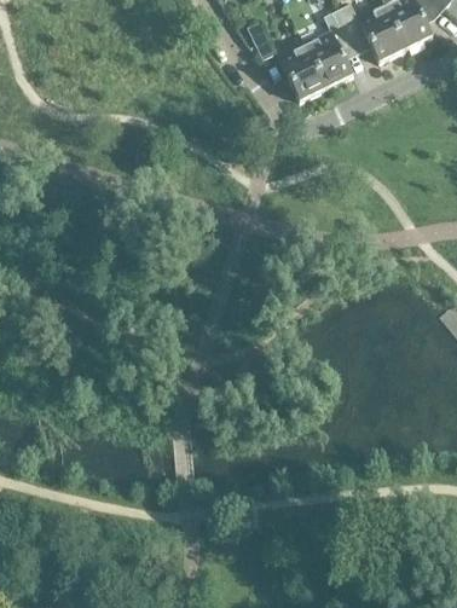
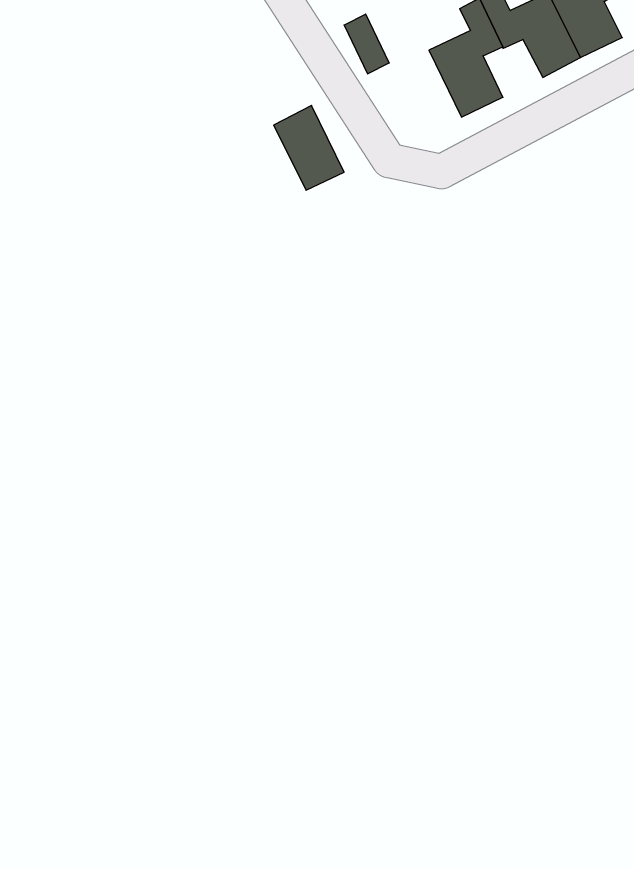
building: [278,42,325,99] -> [274,105,344,190]

